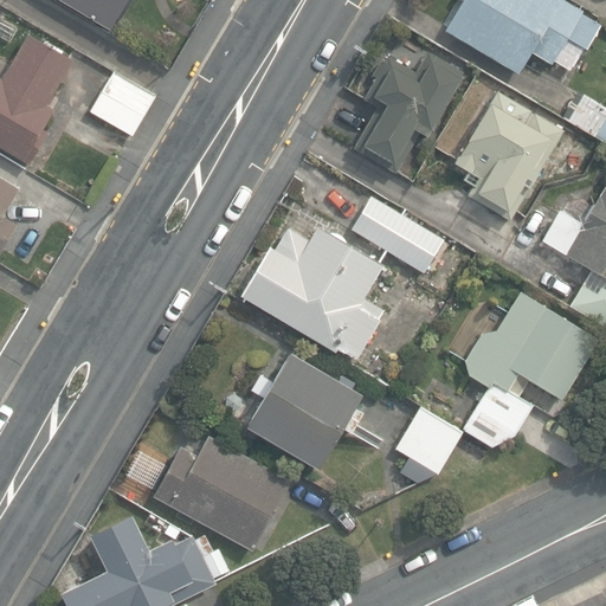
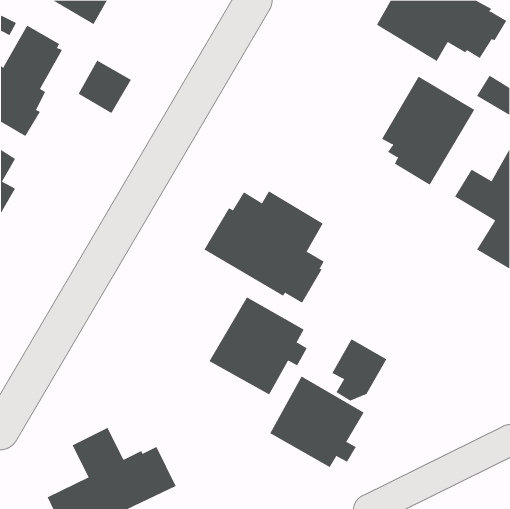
building: [354,53,463,173] -> none
building: [353,196,444,272] -> none
building: [463,292,599,447] -> none
building: [154,437,291,549] -> none
building: none -> [269,375,364,468]

